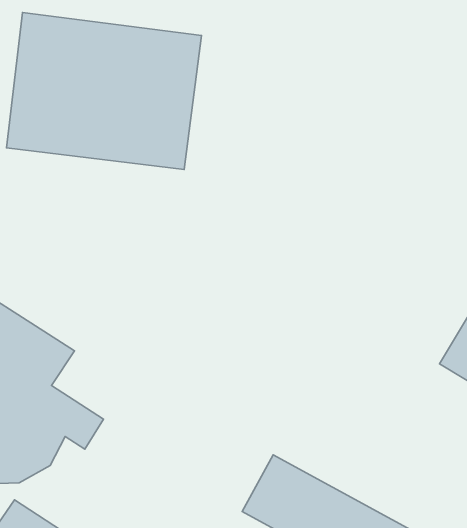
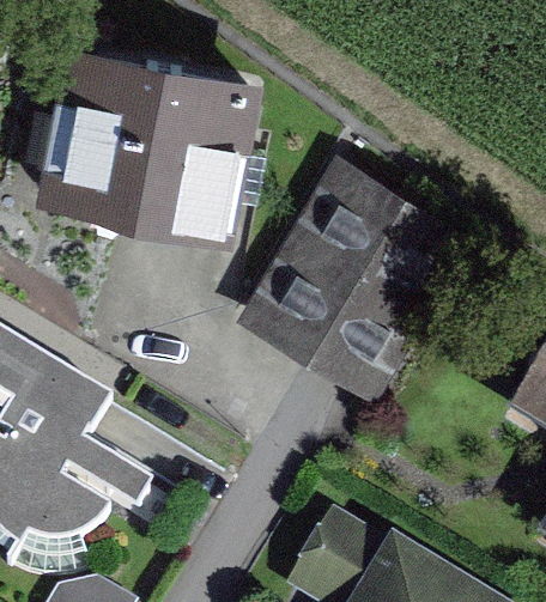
building: none -> [243,176,437,382]

